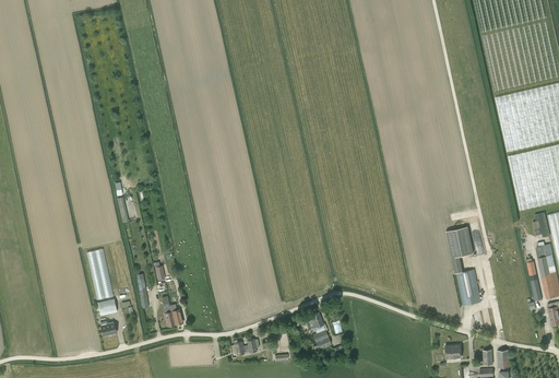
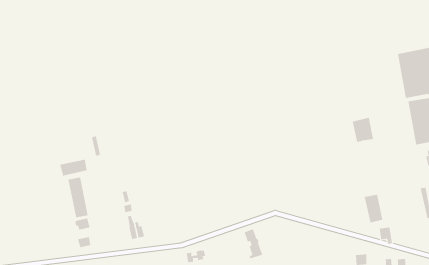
building: none -> [60,159,87,177]
building: [447,226,474,258] -> [352,117,374,143]

